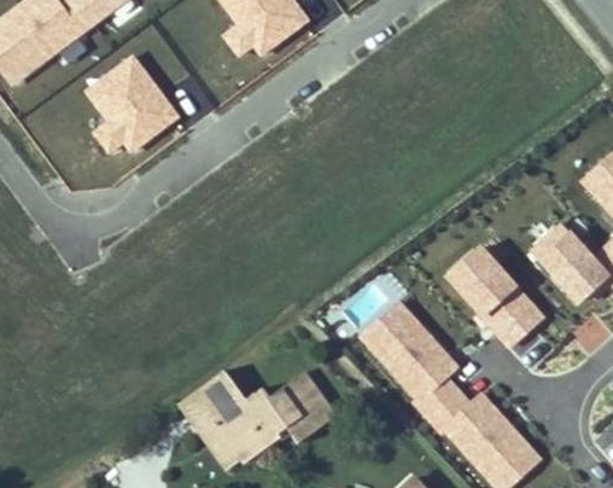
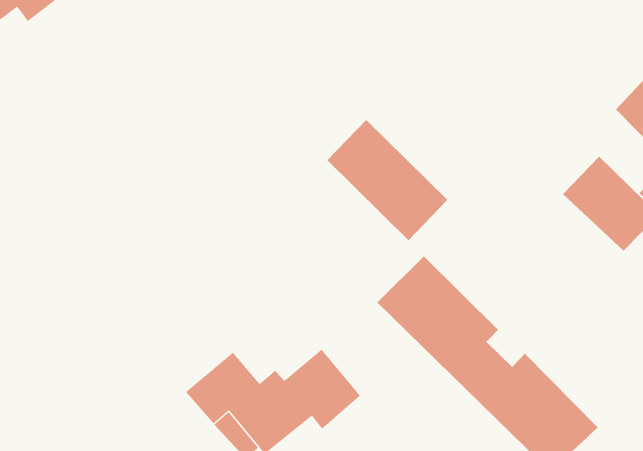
building: [100,65,181,150] -> none
building: [439,240,544,350] -> [326,119,448,241]

